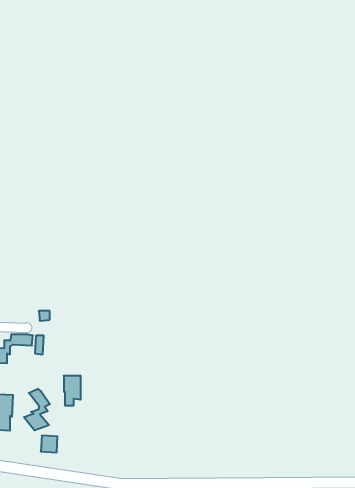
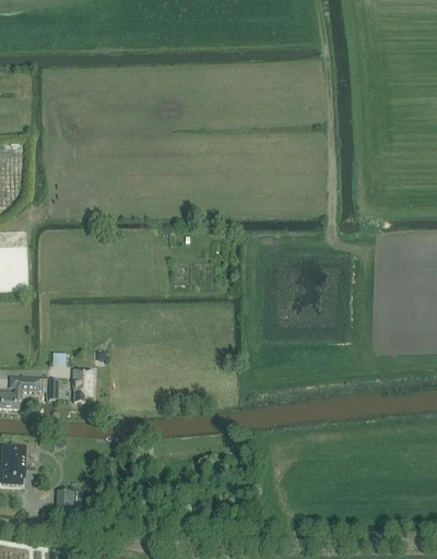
building: [64,376,81,405] -> [72,369,91,402]
building: [24,389,50,430] -> none

